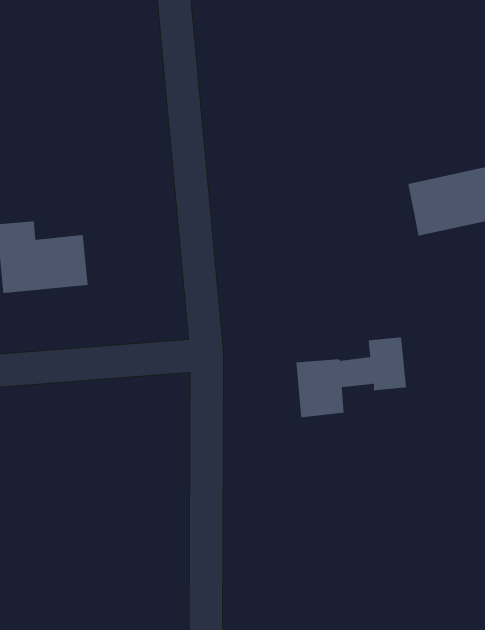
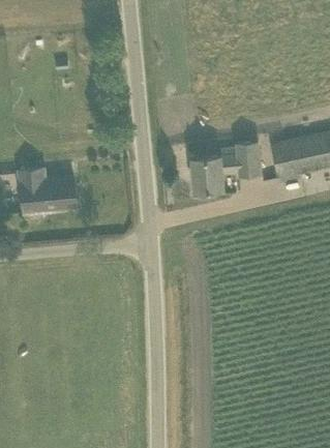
building: [295,337,407,418] -> [191,143,260,192]

